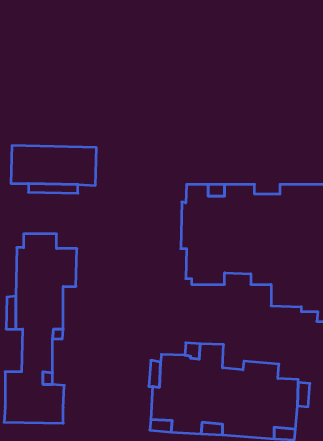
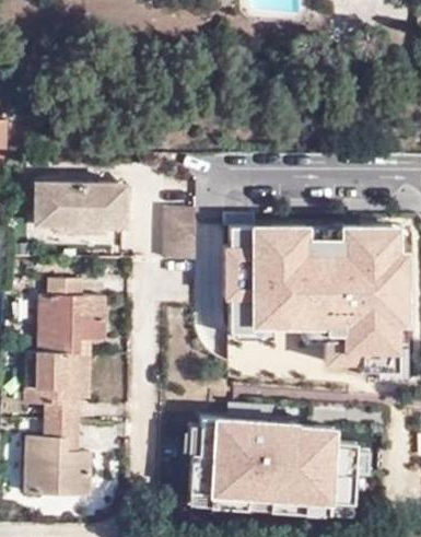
building: none -> [165,209,196,260]

